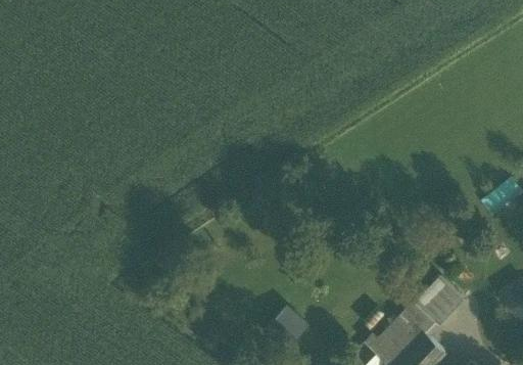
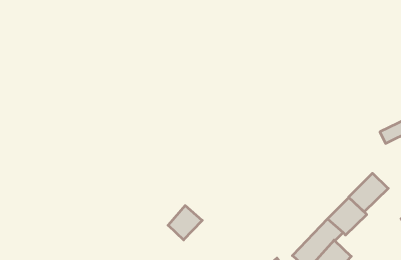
building: none -> [349,173,388,212]
building: [265,306,307,349] -> [168,206,202,240]

